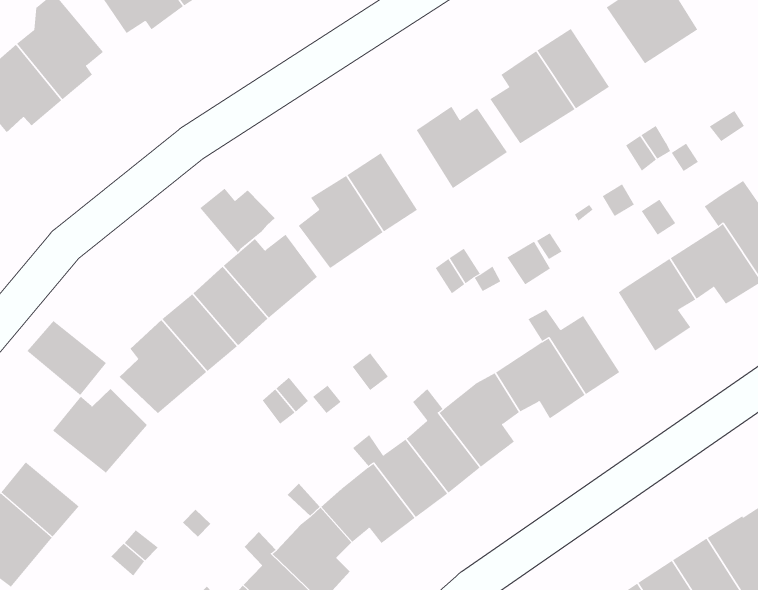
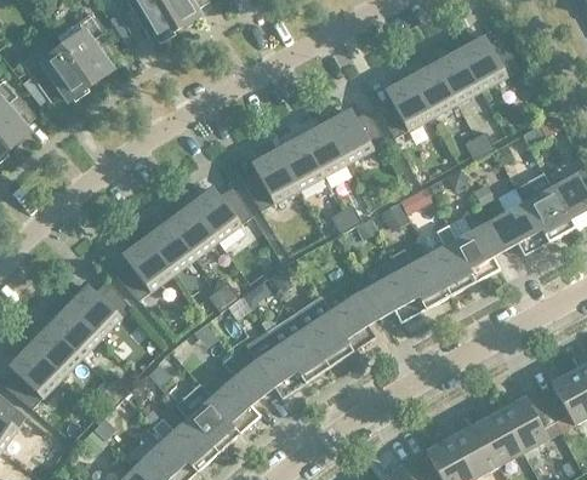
building: none -> [433,50,480,103]
building: none -> [300,122,346,176]
building: [200,188,275,253] -> none
building: none -> [427,224,473,295]
building: [26,320,107,396] -> [46,305,99,358]

